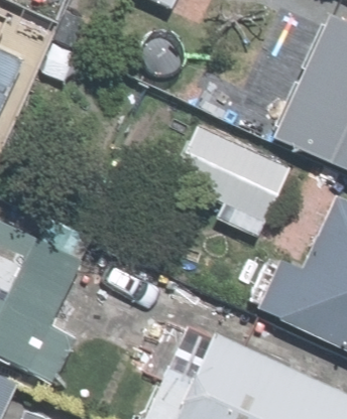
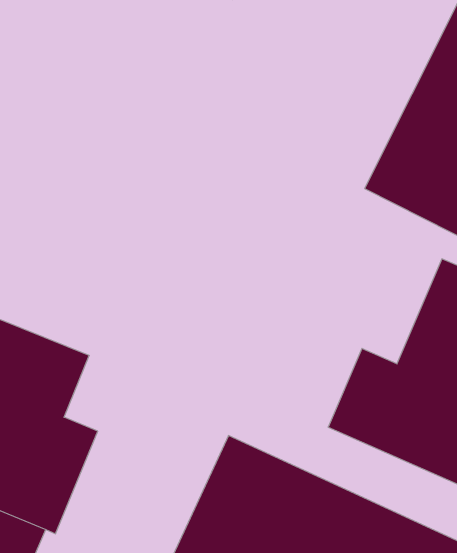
building: [165,119,290,225] -> none

